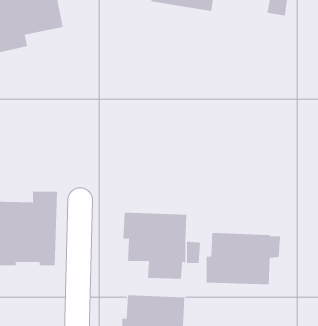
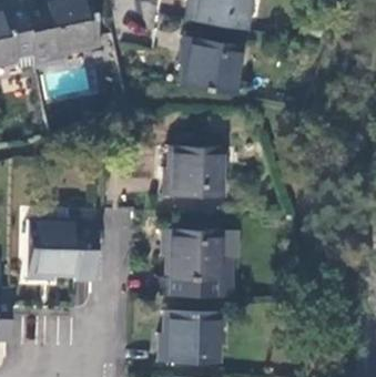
building: none -> [179,38,245,96]
building: [206,233,281,285] -> [162,146,236,198]

